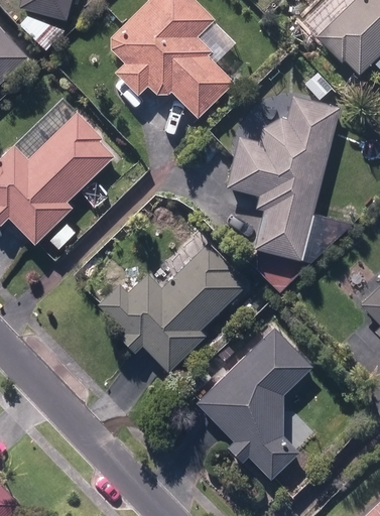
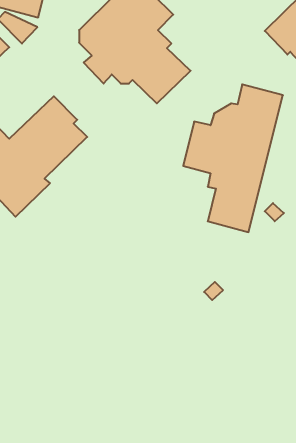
building: [97,244,244,374] -> none
building: [194,327,309,479] -> none

